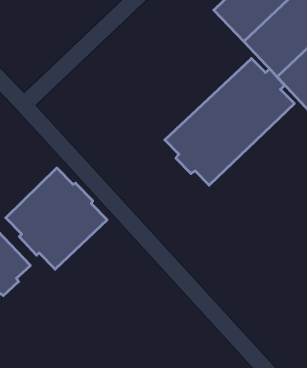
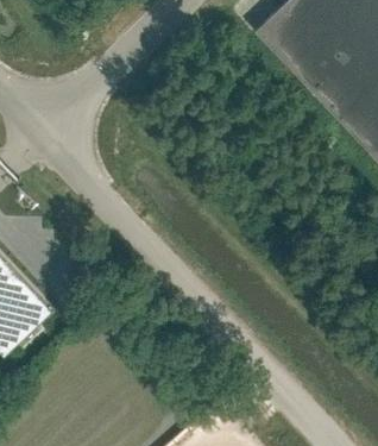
building: [165,58,294,185] -> none
building: [6,168,107,269] -> none

